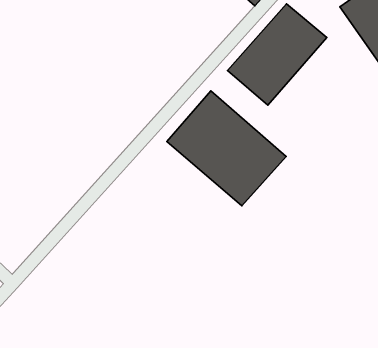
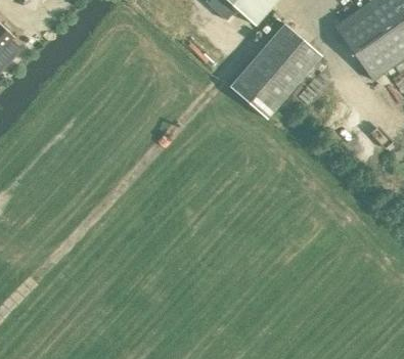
building: [167,91,286,206] -> none

